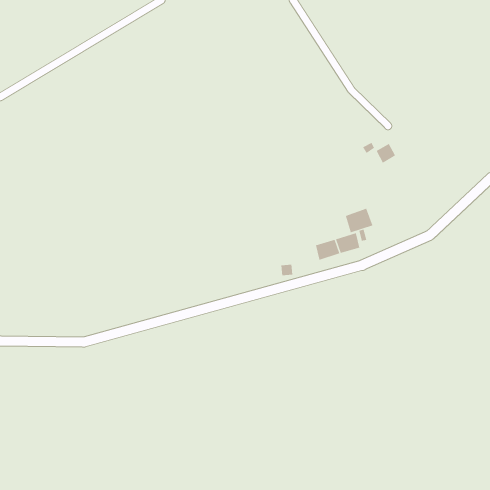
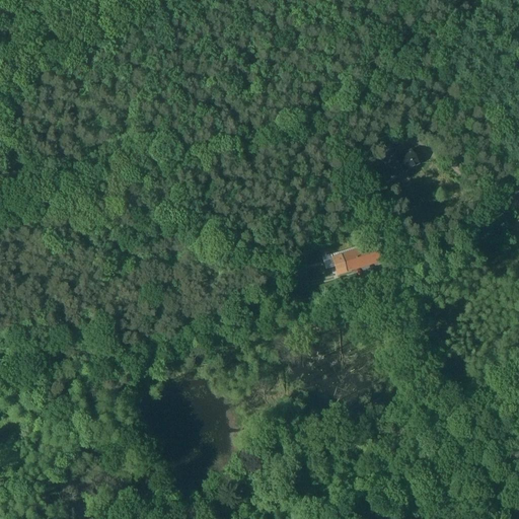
building: [345,208,373,233] -> none

